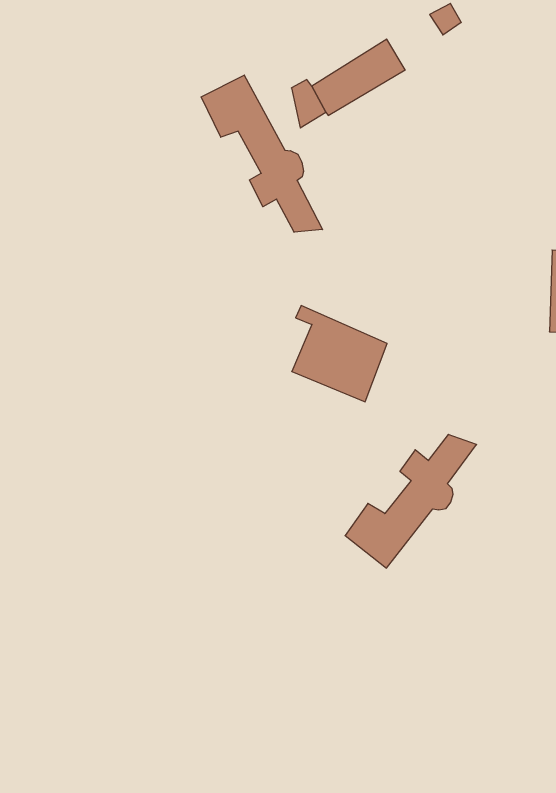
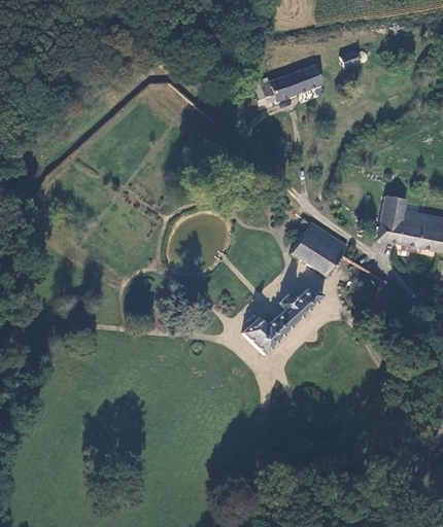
building: [201,75,323,232] -> none
building: [292,306,387,402] -> [292,216,346,275]

